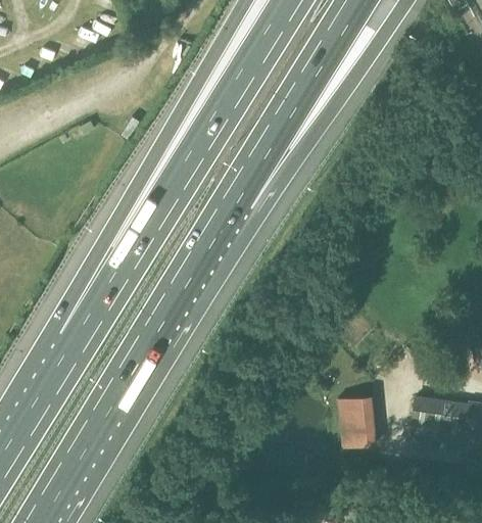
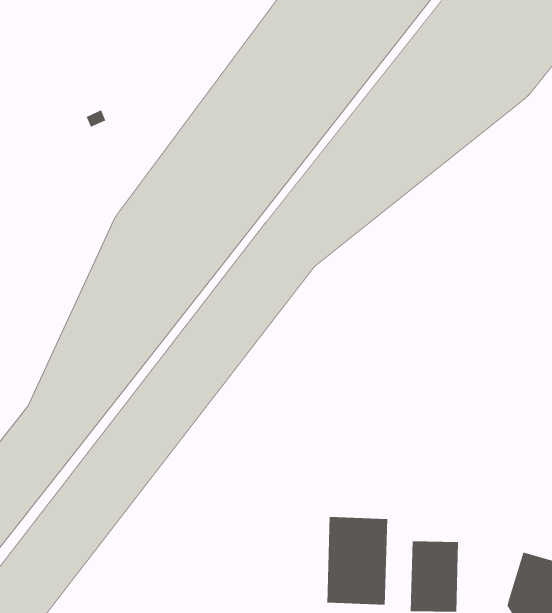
building: none -> [327,516,388,605]

